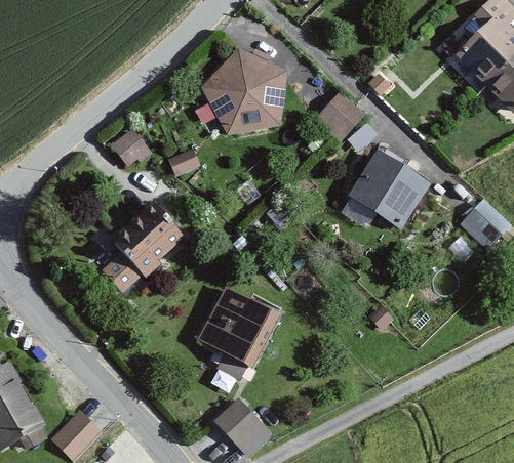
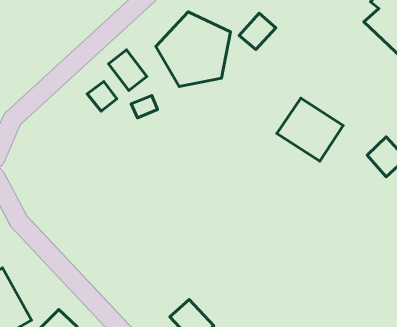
building: none -> [109,50,147,91]
building: [316,93,361,138] -> [239,13,276,49]
building: [102,204,185,293] -> none
building: [196,285,279,368] -> none

